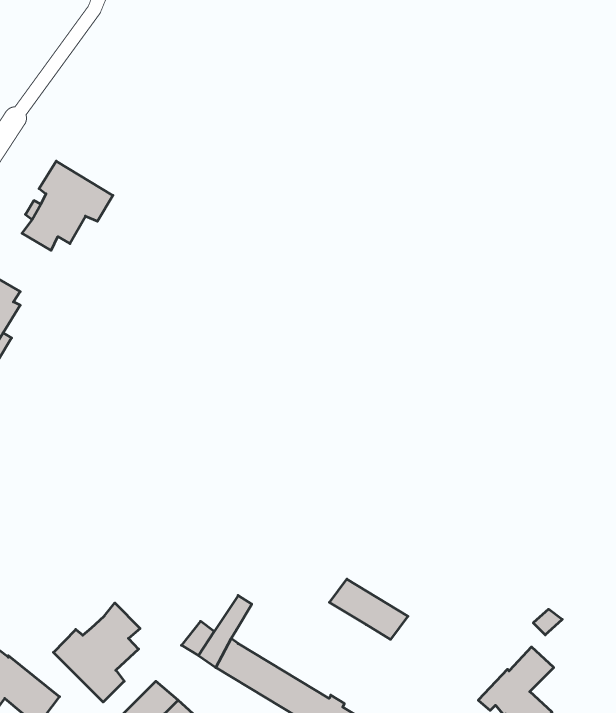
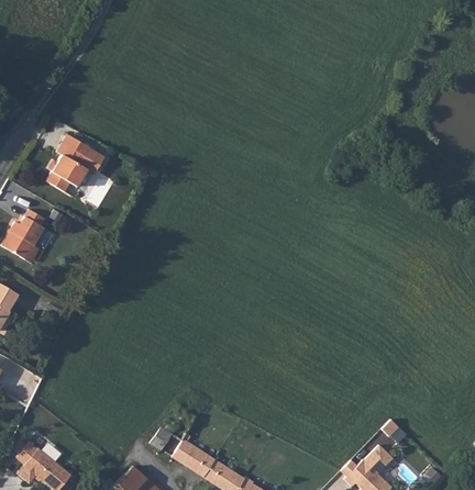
building: [329,579,408,639] -> none
building: [53,603,140,702] -> none

